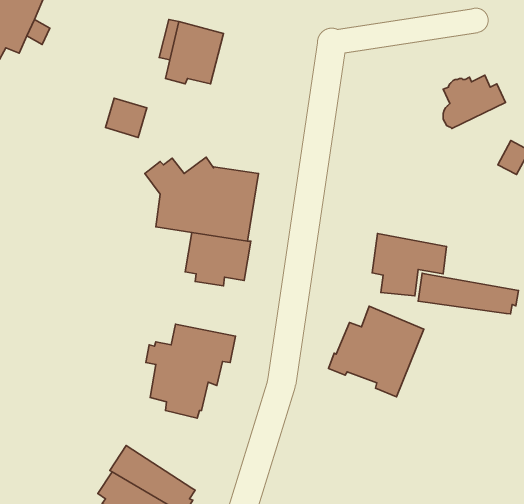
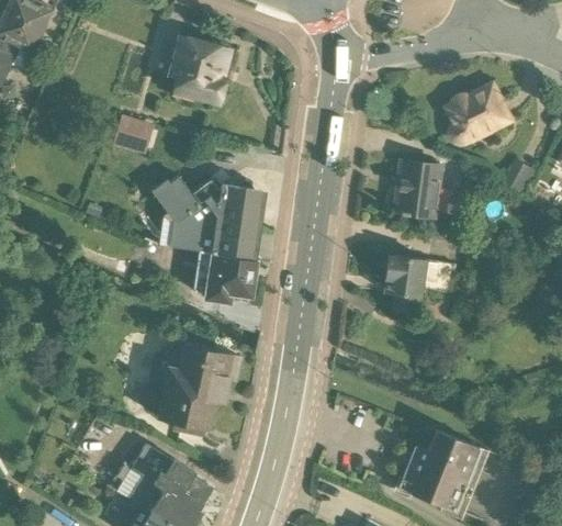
building: none -> [392,158,454,219]
building: [418,273,518,314] -> none
building: [329,306,424,397] -> [391,426,486,517]
building: none -> [132,441,211,506]

